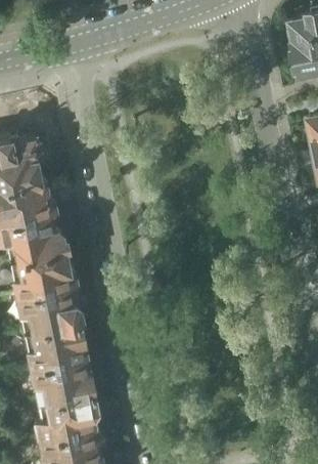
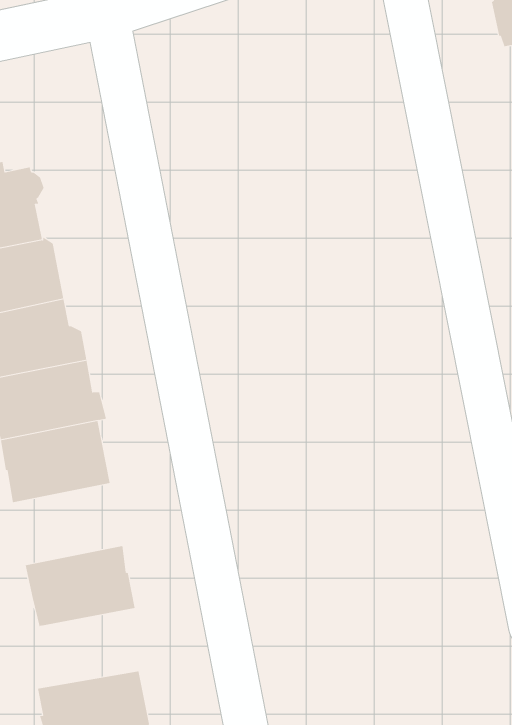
building: [24,322,87,369] -> none
building: [35,393,97,439] -> none

